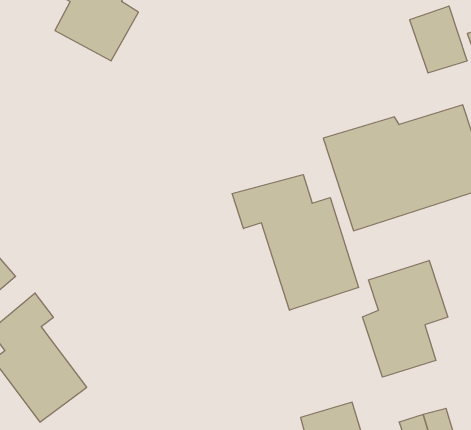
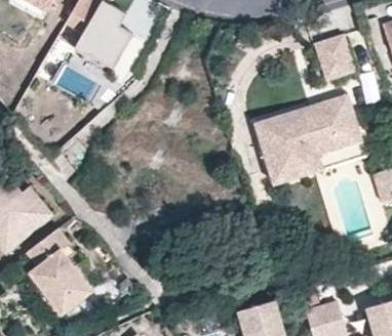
building: [232,175,359,310] -> none
building: [363,260,448,377] -> none

